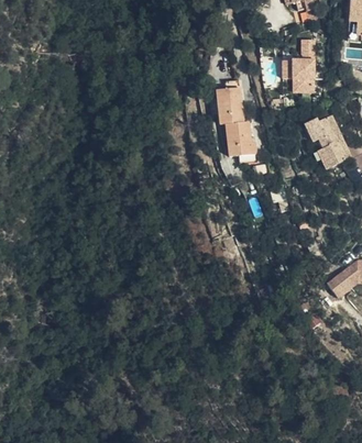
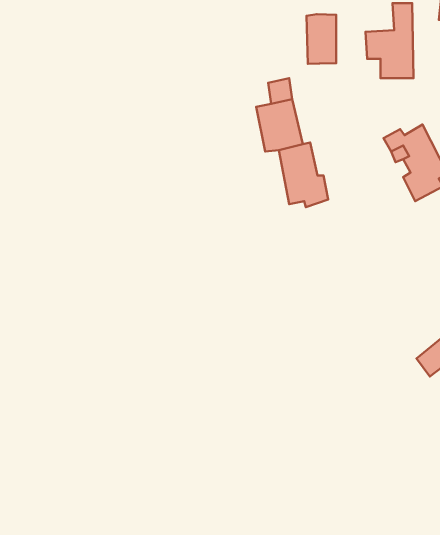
building: none -> [307,14,336,64]

